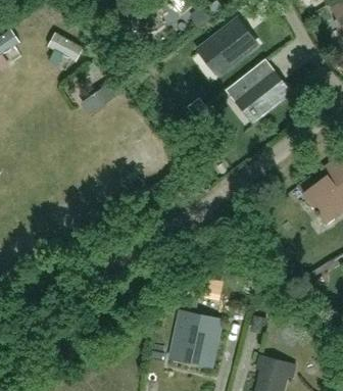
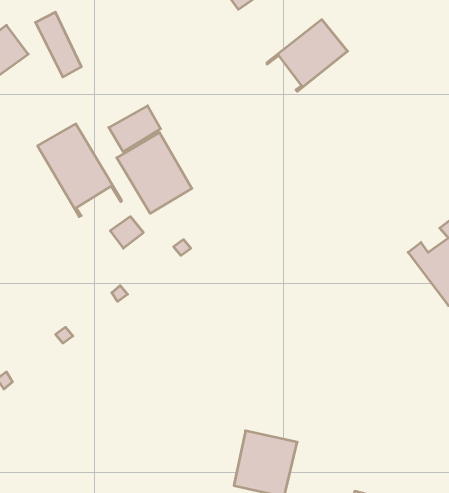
building: [230,61,286,116] -> none
building: none -> [38,124,121,217]
building: none -> [117,133,192,213]

